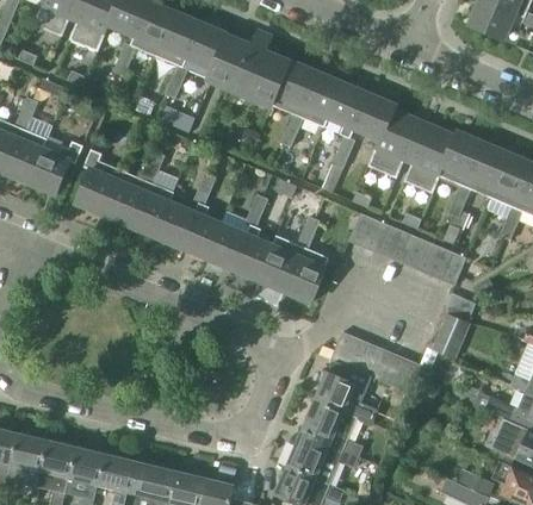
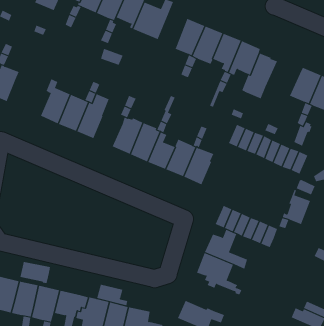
building: [247,52,289,102] -> none
building: [403,123,453,191] -> none
building: [29,139,82,192] -> none
building: [154,201,194,245] -> none
building: none -> [20,261,50,284]
building: [286,428,358,482] -> none
building: none -> [97,284,128,306]

